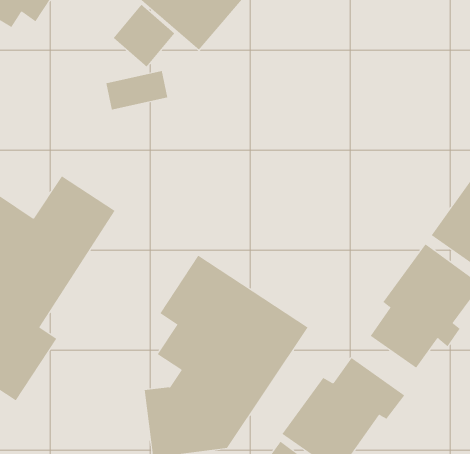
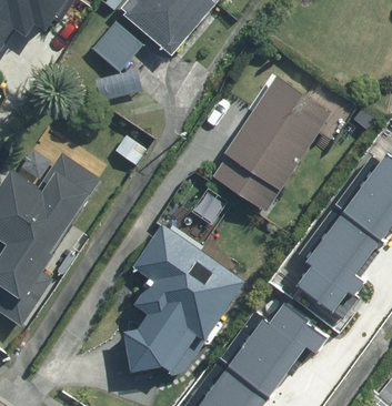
building: none -> [219,75,338,209]

